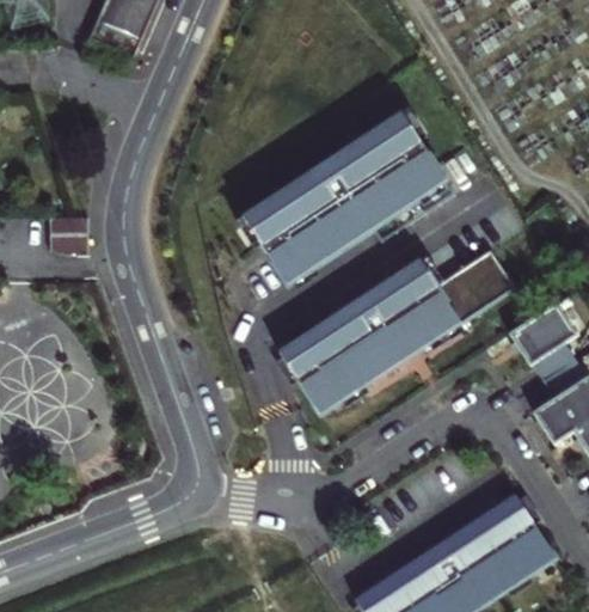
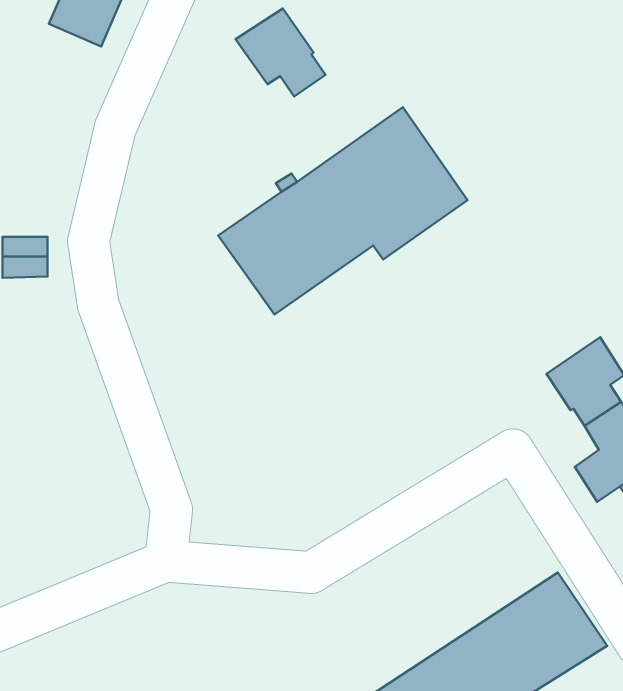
building: none -> [236,8,326,97]
building: [277,244,510,414] -> none

